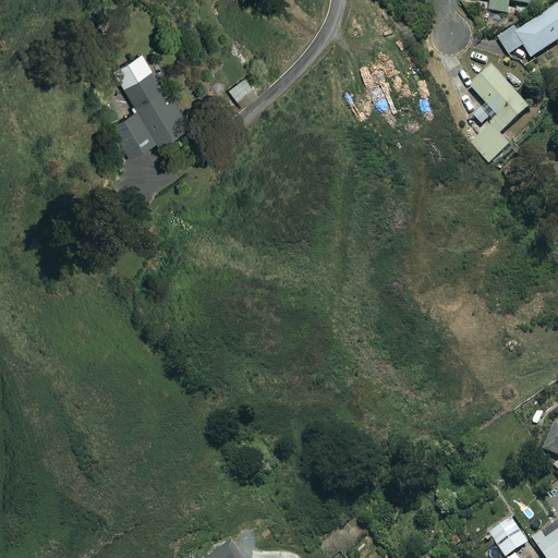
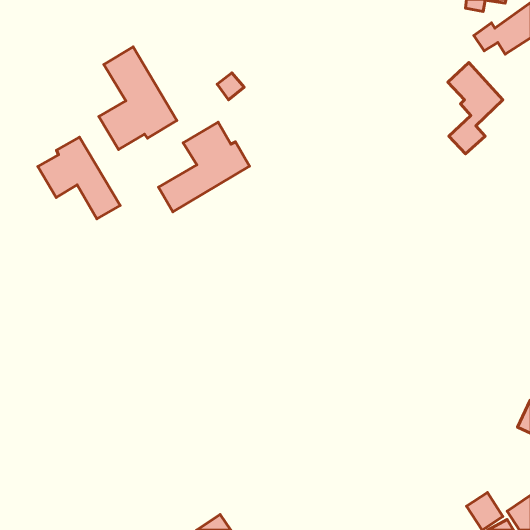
building: none -> [159,122,250,212]
building: none -> [38,137,120,219]

